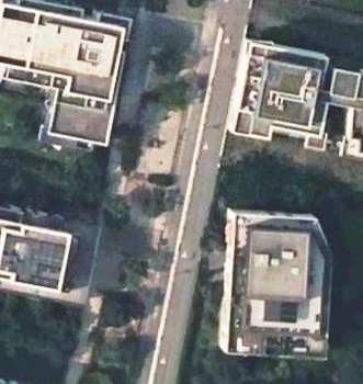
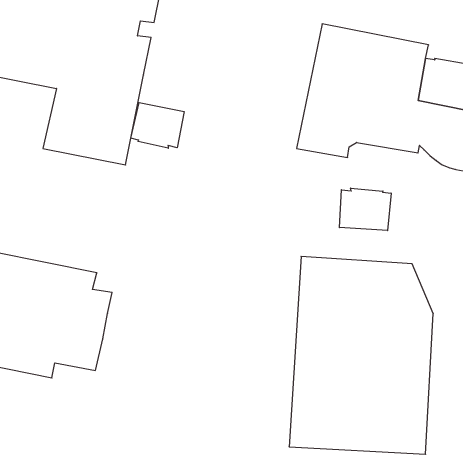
building: none -> [131,103,184,148]
building: none -> [339,188,391,231]

